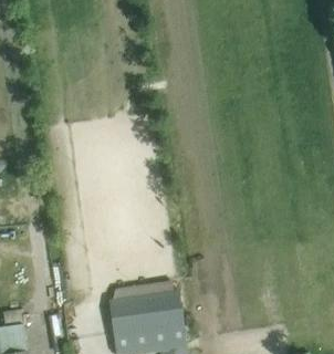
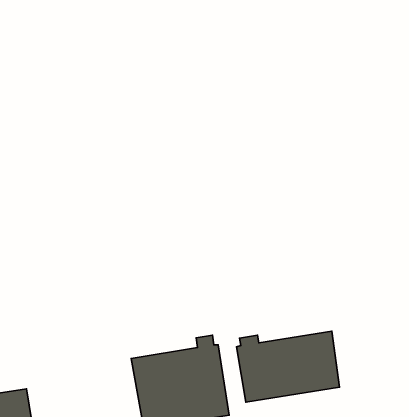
building: none -> [236,331,340,402]

